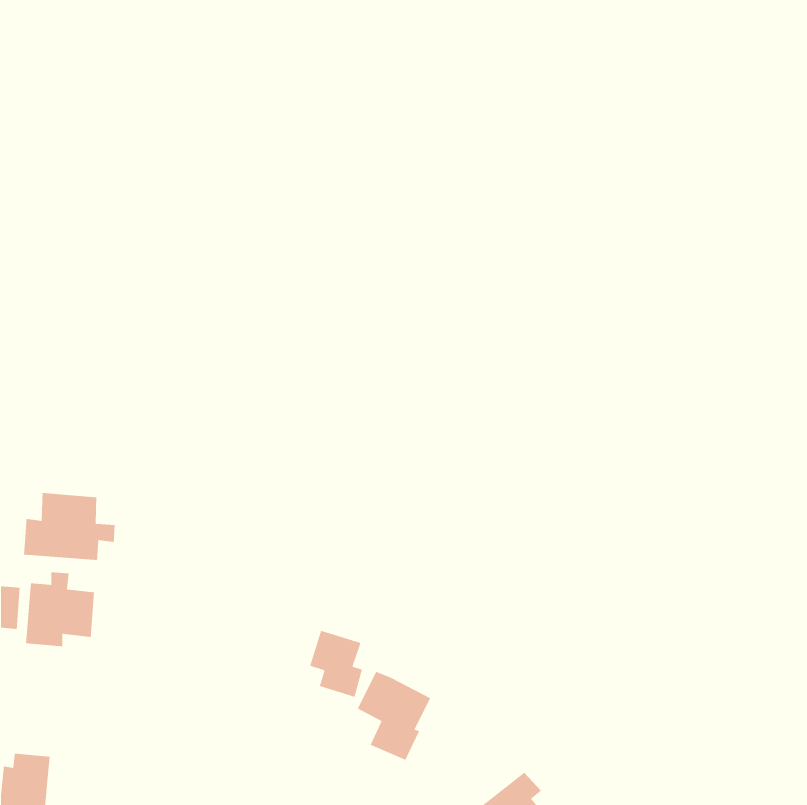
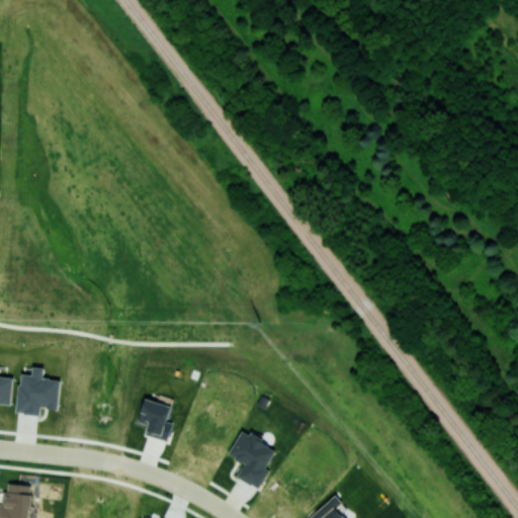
building: [23,492,116,561] -> none
building: [309,630,363,698] -> [139,399,173,442]

